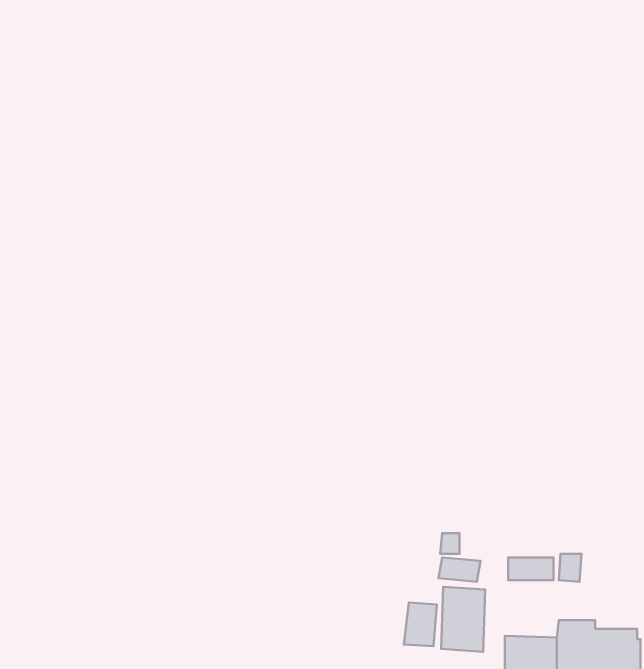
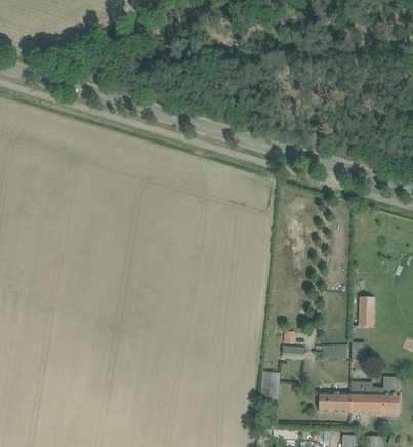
building: none -> [356,295,373,326]
building: [441,587,485,652] -> none

